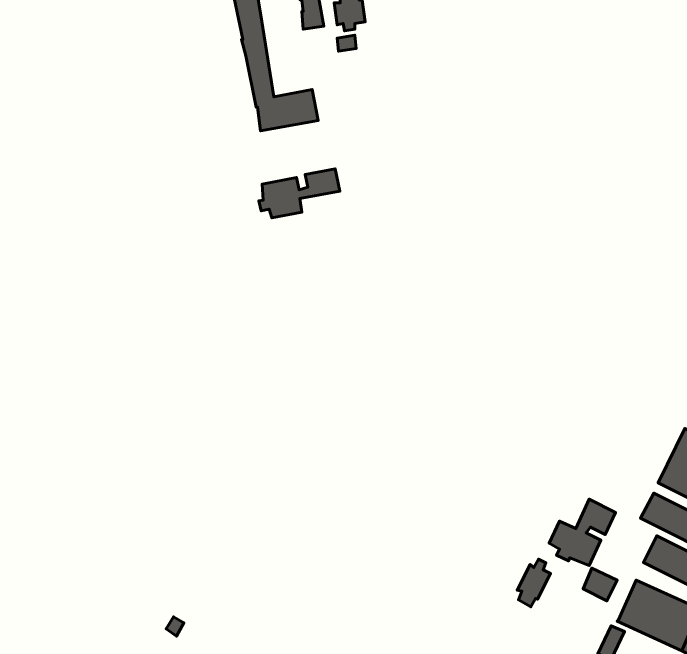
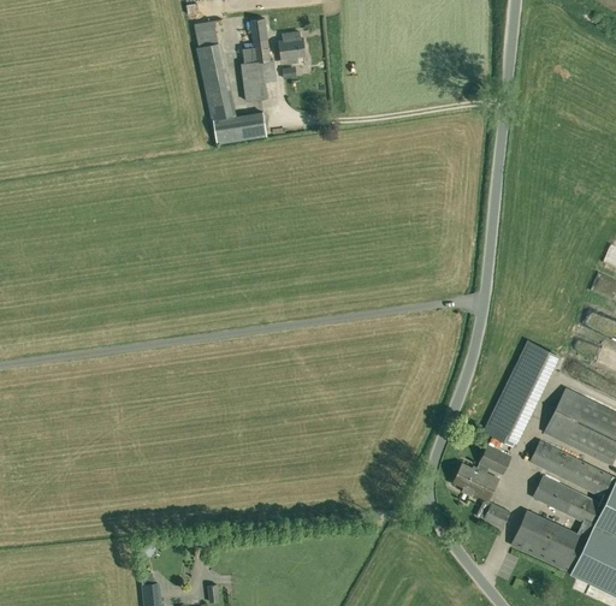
building: none -> [241,59,276,101]
building: [259,169,340,218] -> none
building: none -> [484,339,557,445]
building: [517,559,550,607] -> none

